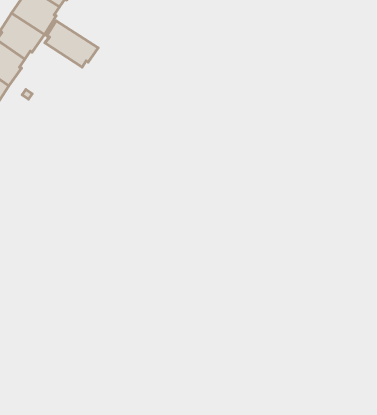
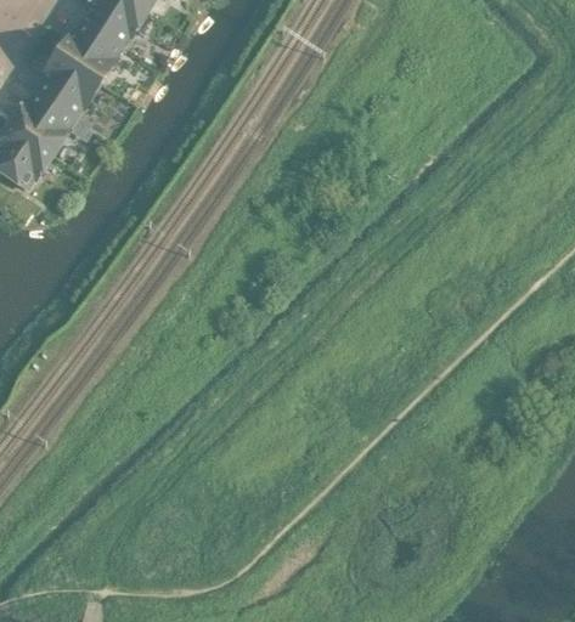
building: [45,21,98,67] -> none

